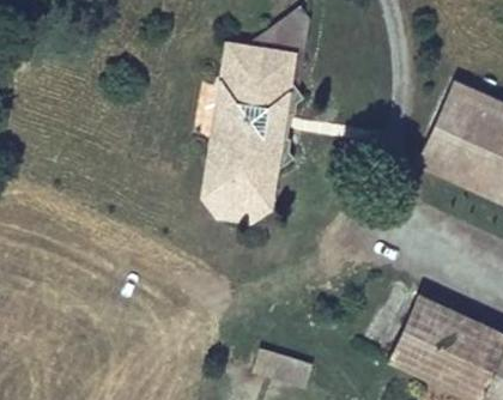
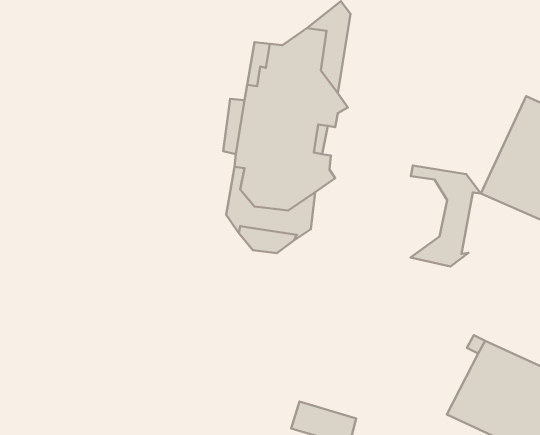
building: none -> [411,166,481,266]

